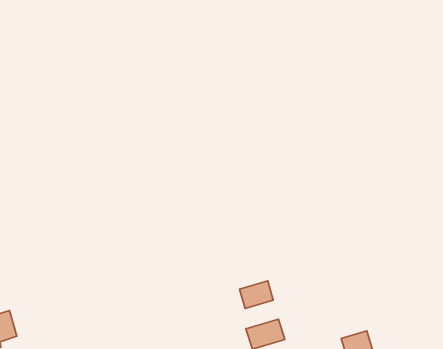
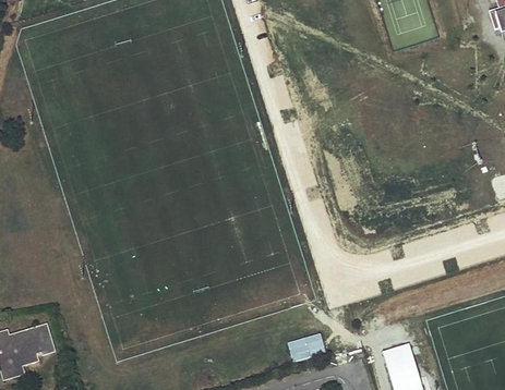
building: [239,281,273,309] -> none

